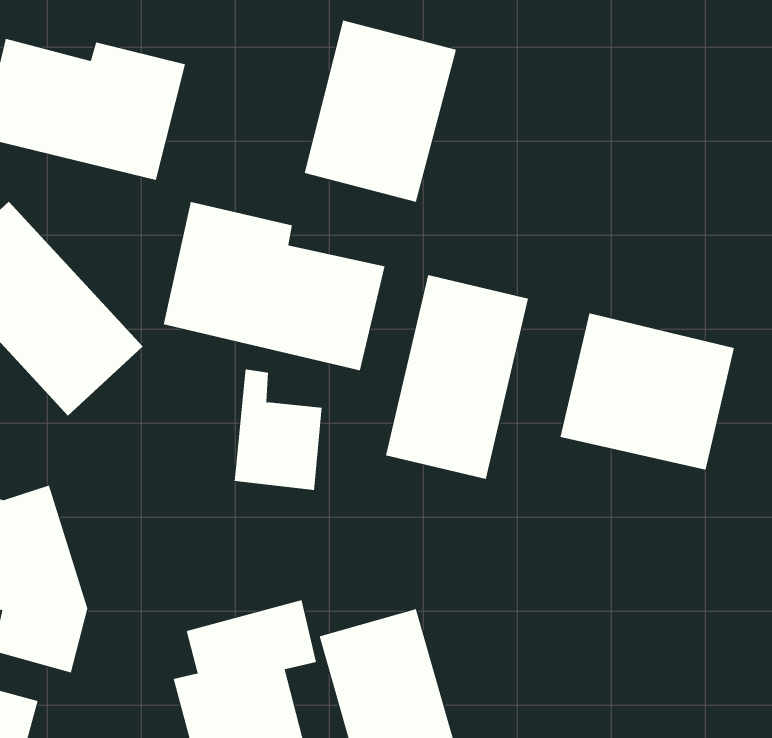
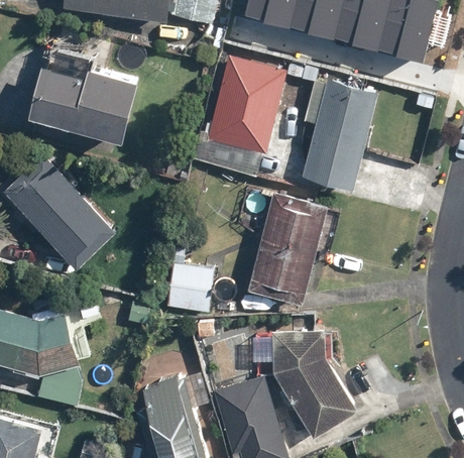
building: none -> [303,79,378,191]
building: [163,201,385,371] -> none
building: [560,312,734,471] -> none
building: none -> [272,328,357,438]

